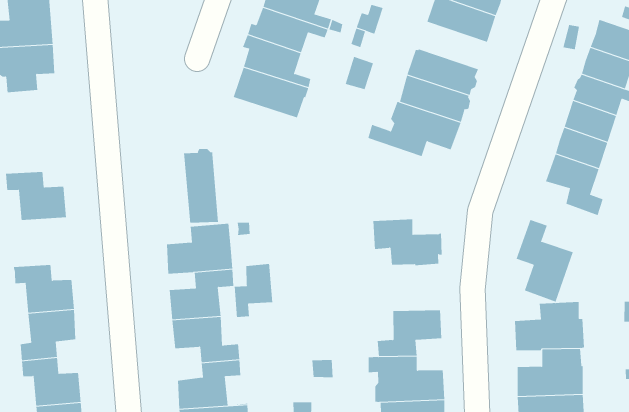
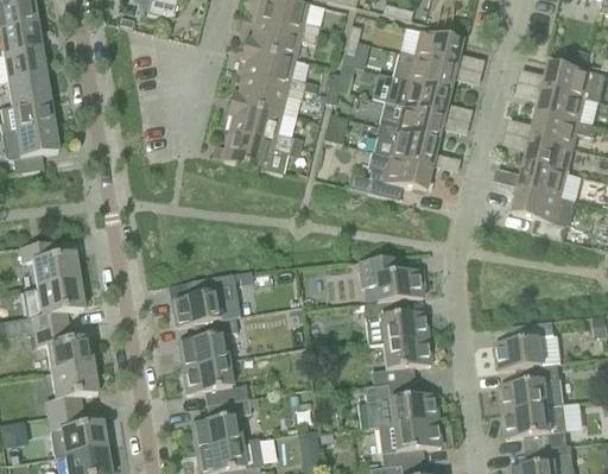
building: none -> [387,76,450,115]
building: [184,148,218,223] -> none
building: none -> [32,282,84,330]
building: [516,219,574,303] -> none
building: [234,263,274,319] -> none
building: none -> [363,298,428,342]

